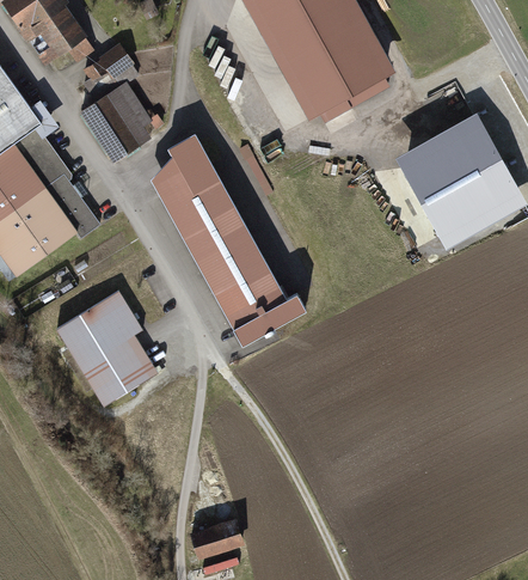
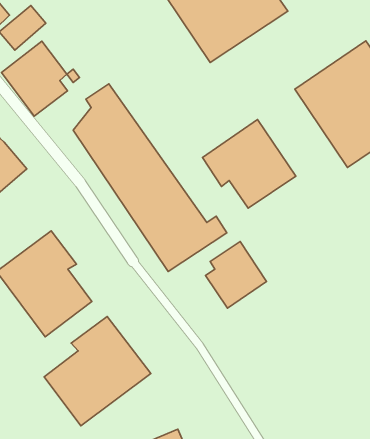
building: none -> [202,120,296,208]
building: none -> [206,242,266,308]
building: none -> [44,317,151,426]

